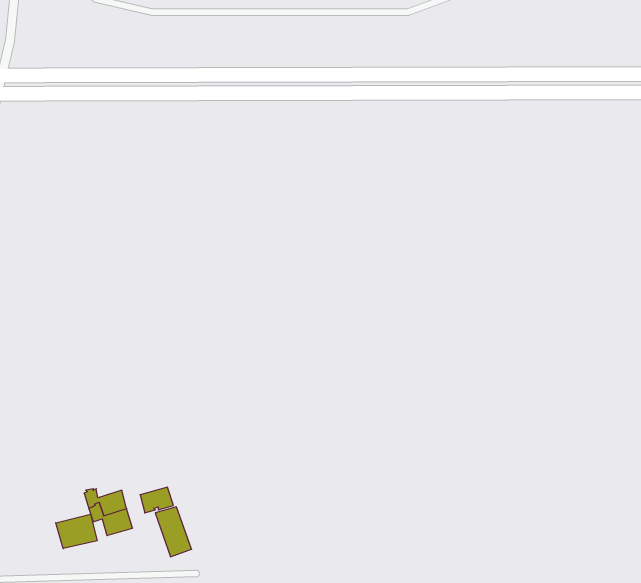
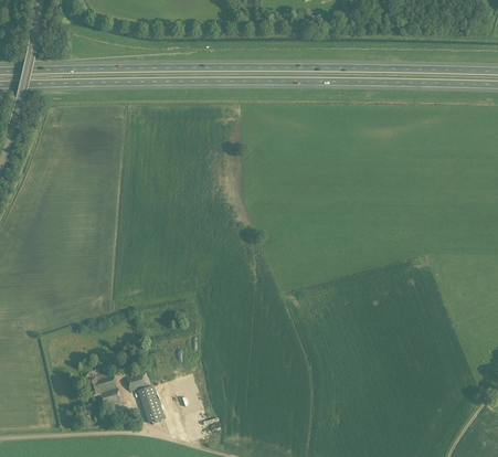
building: [56,514,97,549] -> none

